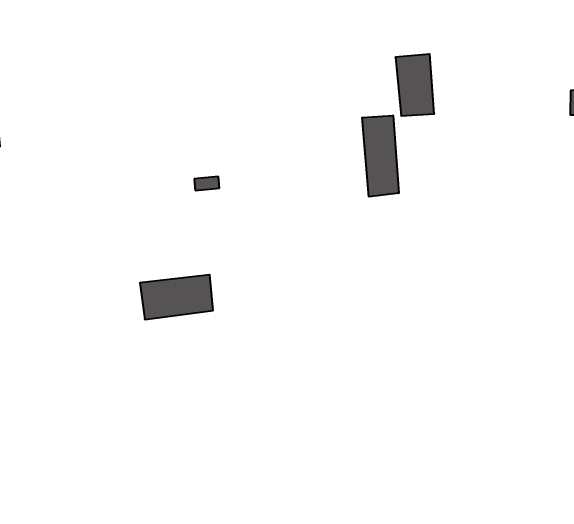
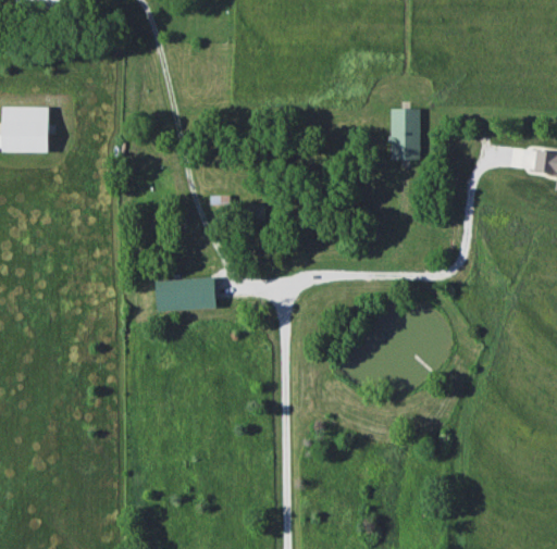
building: [362,115,399,197] -> none

